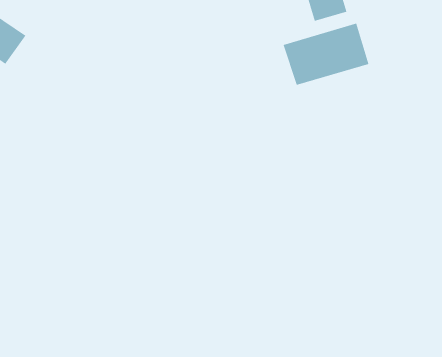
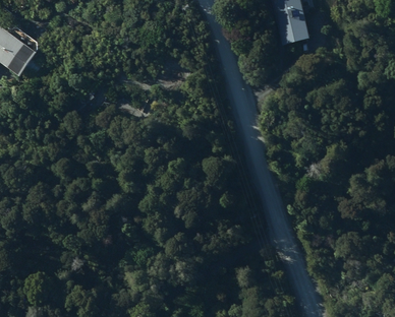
building: [282,22,369,86] -> none

